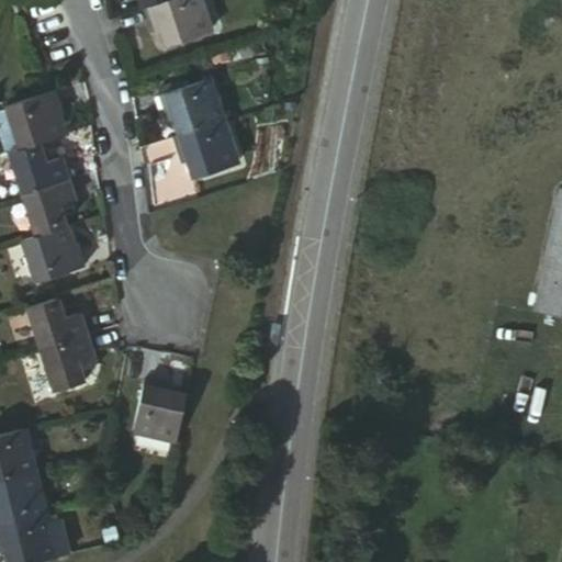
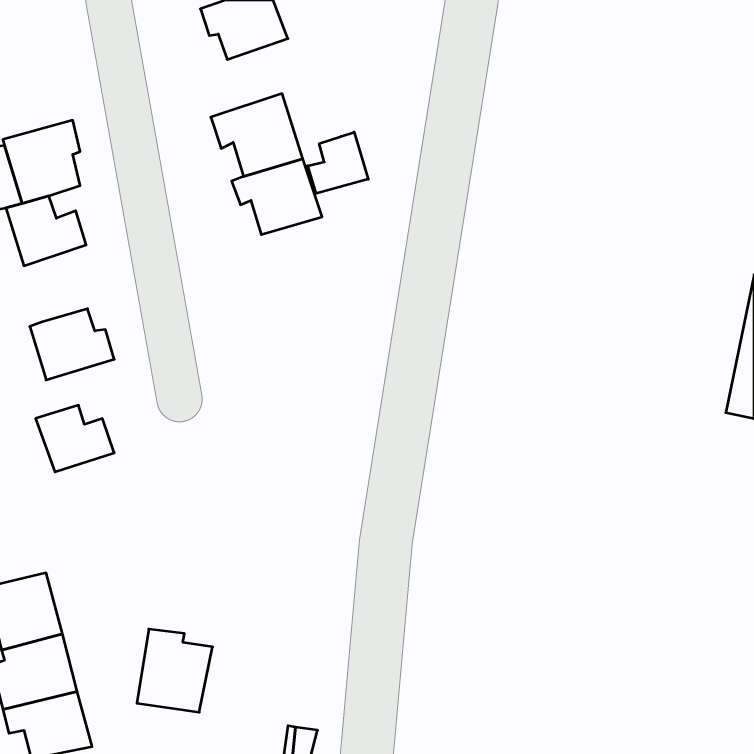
building: none -> [308,132,368,193]
building: [18,184,70,241] -> none
building: [41,338,91,393] -> none
building: [138,376,194,438] -> [137,629,213,712]

